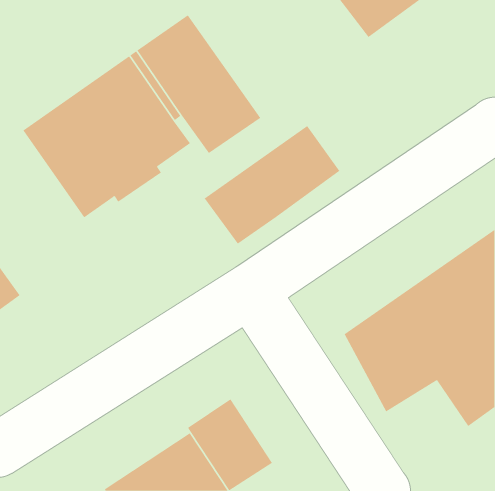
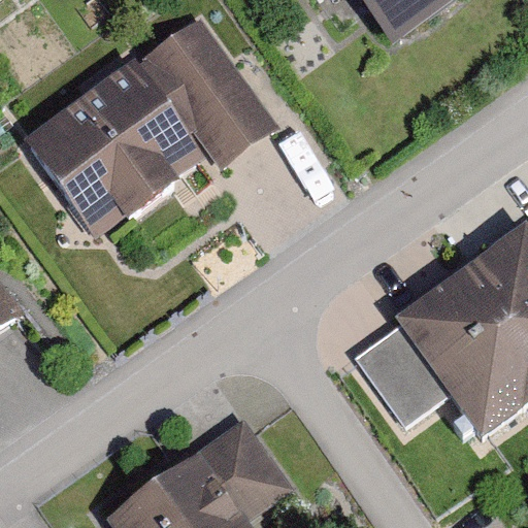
building: [204,125,340,245] -> none

